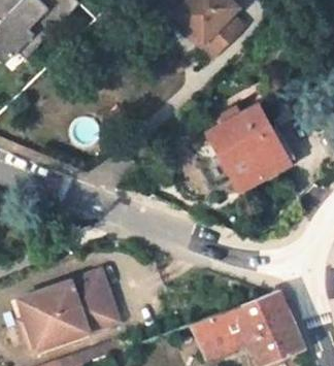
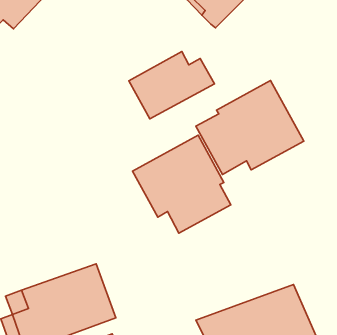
building: none -> [129,52,215,119]
building: none -> [132,135,231,233]

